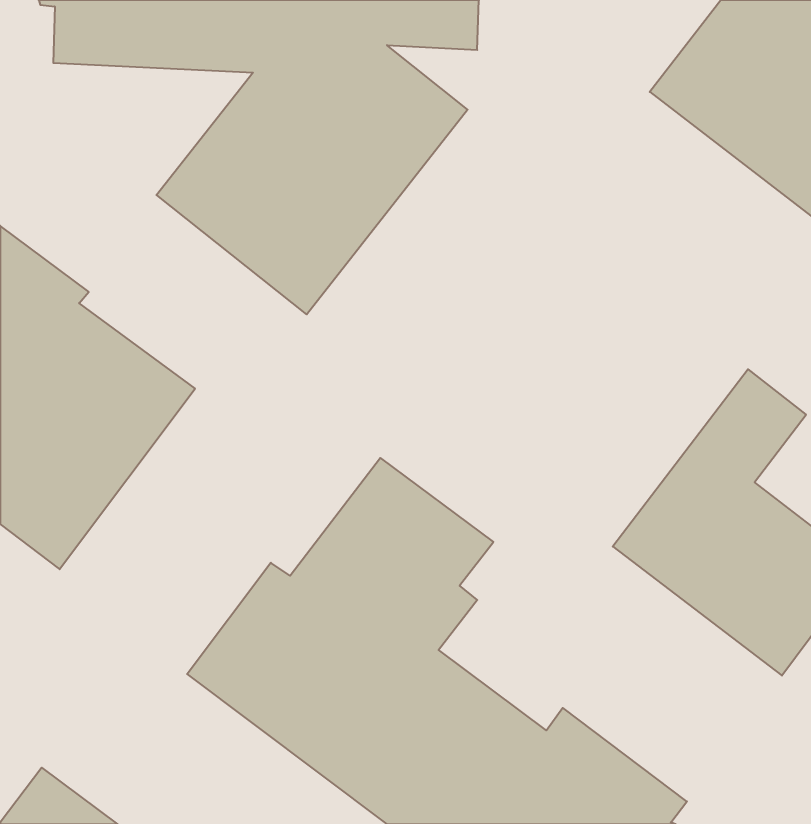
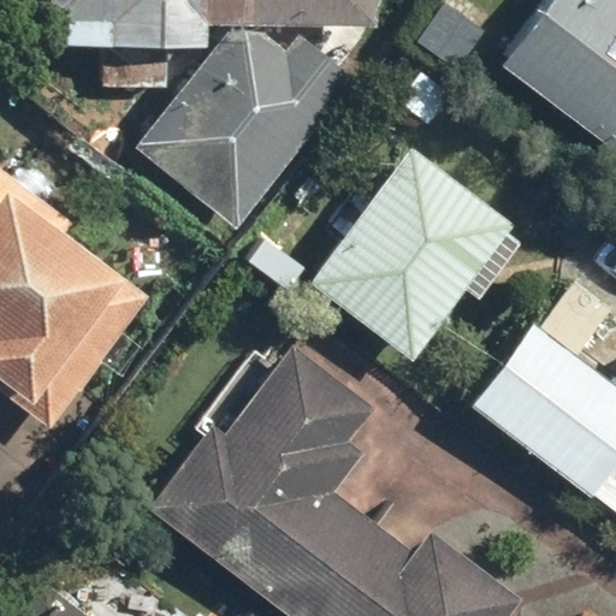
building: none -> [303,148,527,363]

